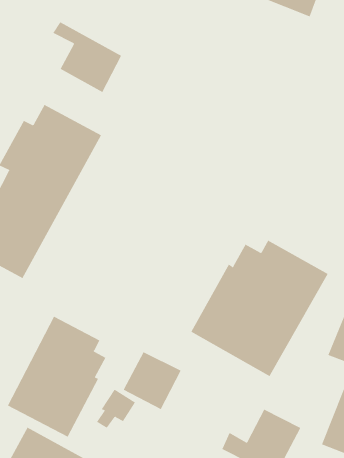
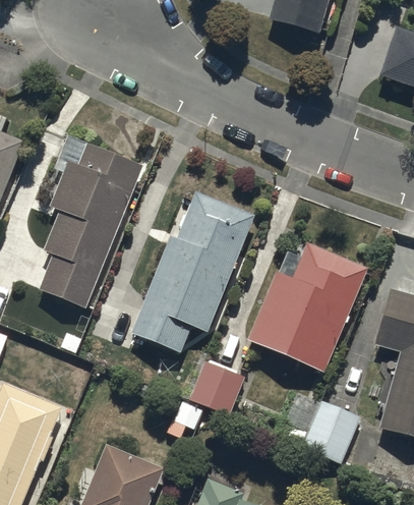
building: [53,21,122,93] -> none
building: none -> [131,191,254,352]
building: [7,316,106,437] -> none

